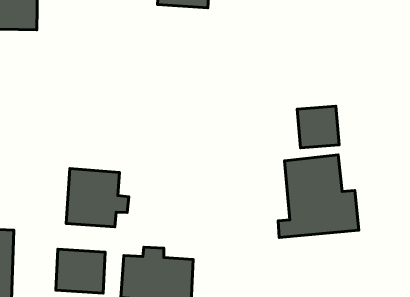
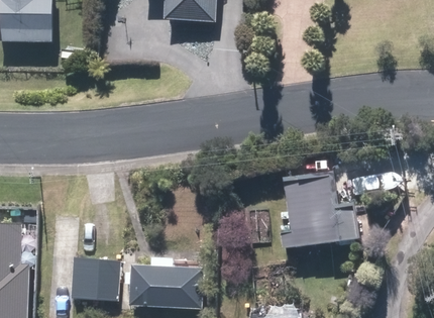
building: [297,106,339,148] -> none
building: [66,168,129,227] -> none

